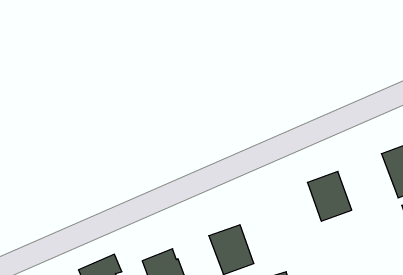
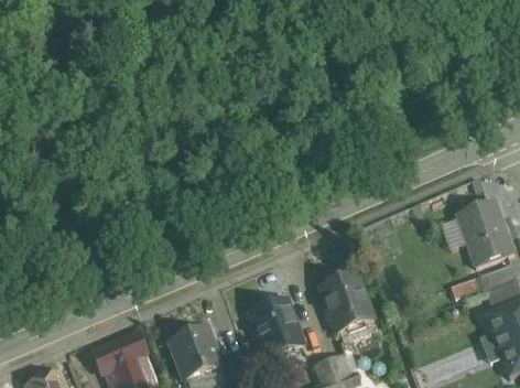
building: [307,171,352,221] -> [321,271,373,331]

